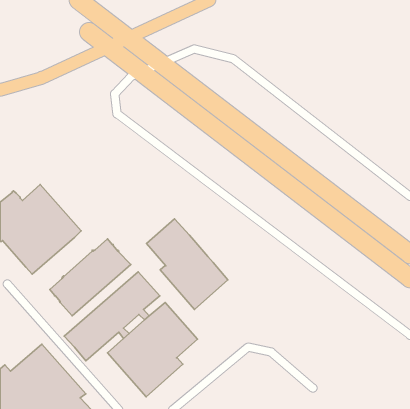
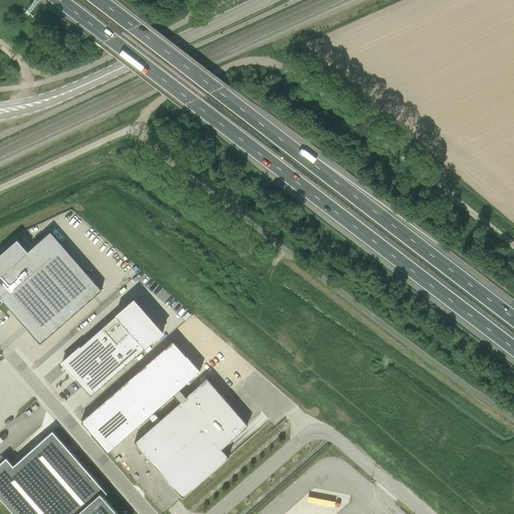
building: [147,219,228,309] -> none

